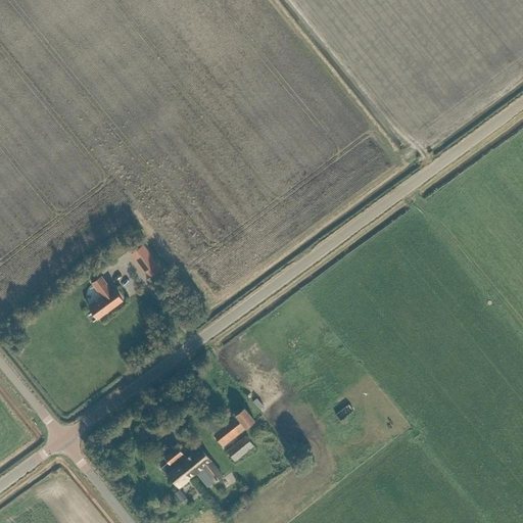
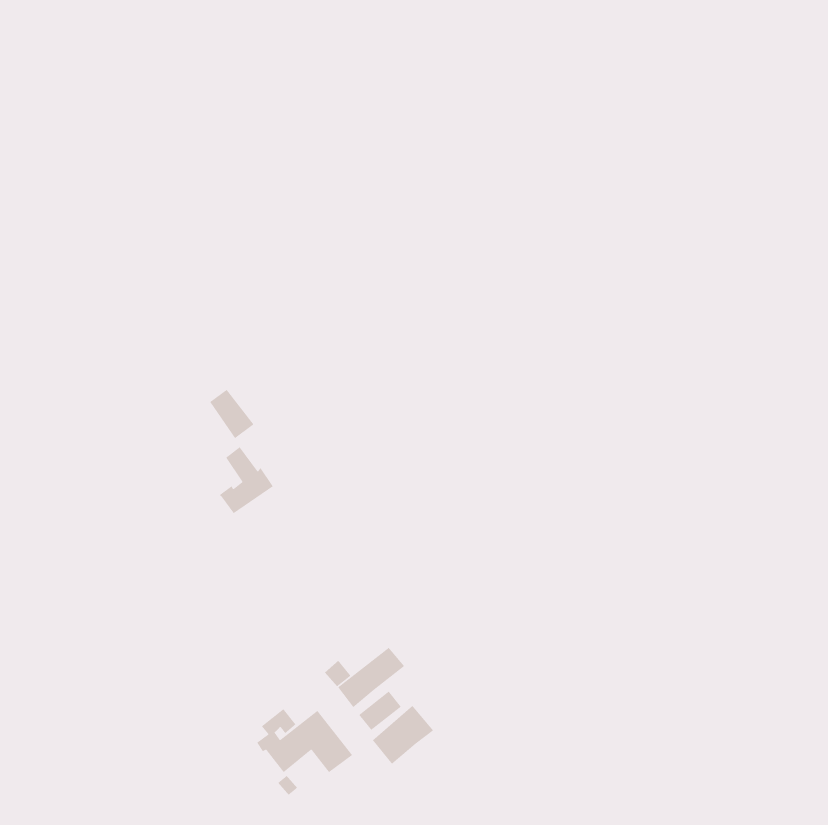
building: [88,277,123,320] -> [219,446,274,514]
building: none -> [372,705,434,765]

